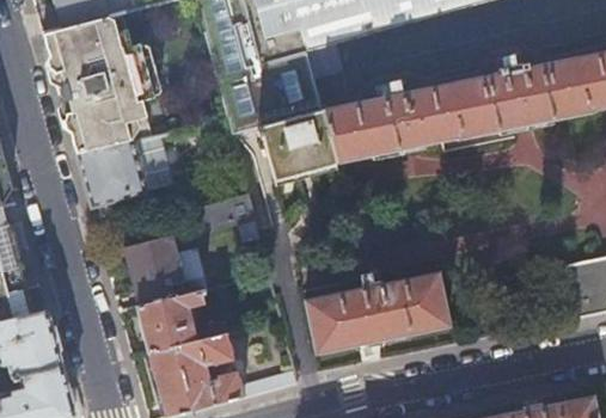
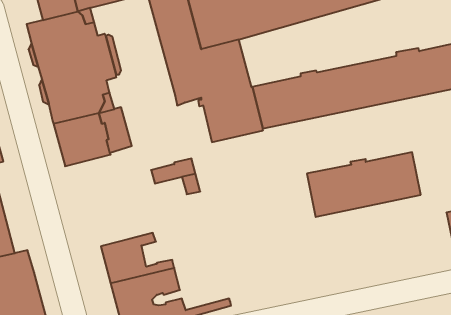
building: [126,238,203,306] -> none
building: [307,272,448,352] -> [307,152,421,217]

